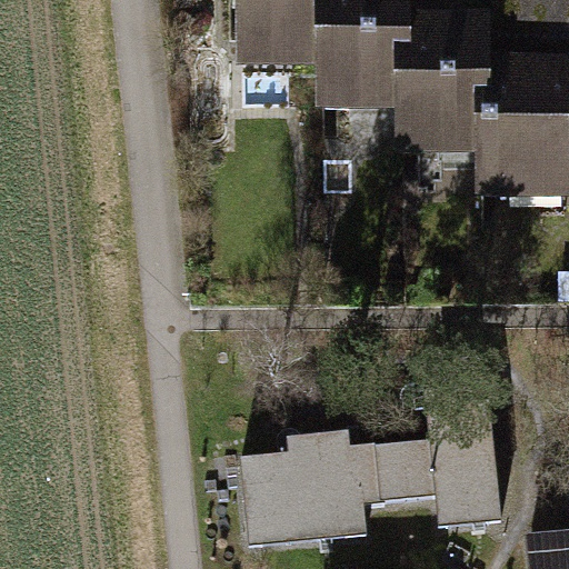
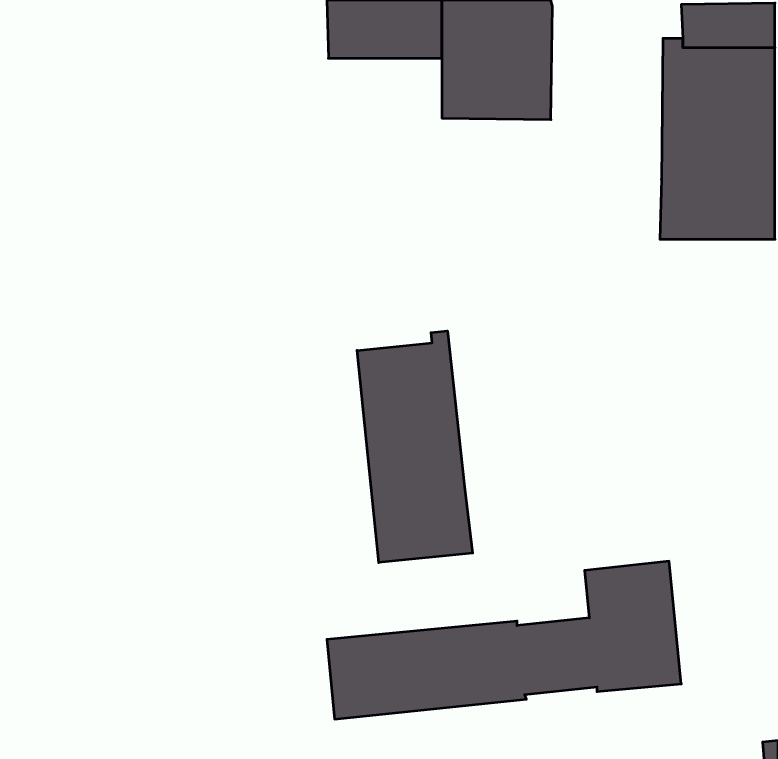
building: [399,22,480,148] -> none
building: none -> [357,331,473,563]

